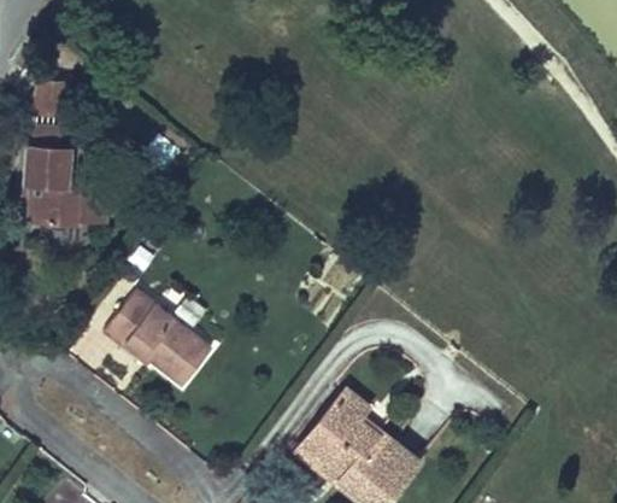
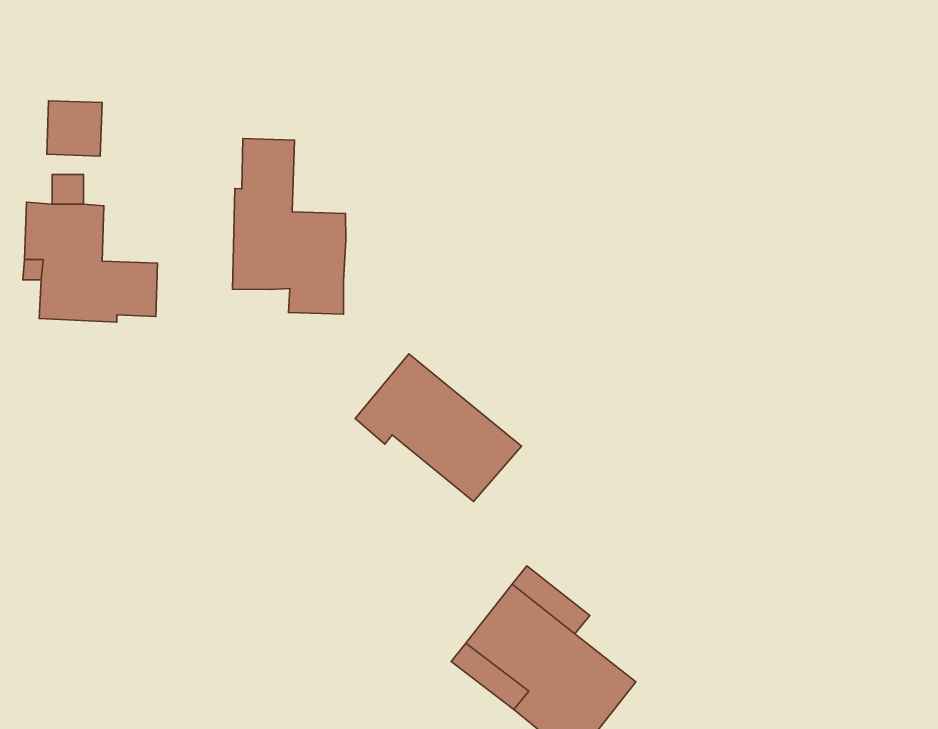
building: none -> [233,139,346,314]
building: [104,291,212,387] -> [355,354,521,501]

